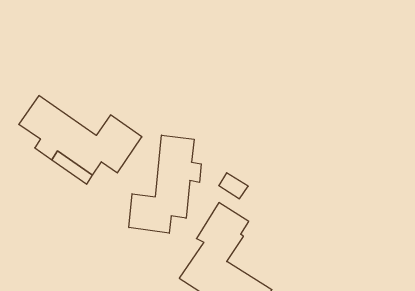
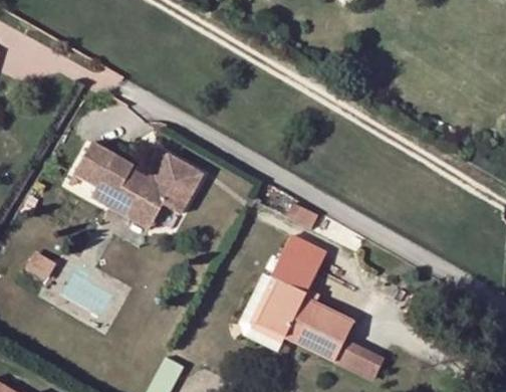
building: [129,135,201,233] -> none

